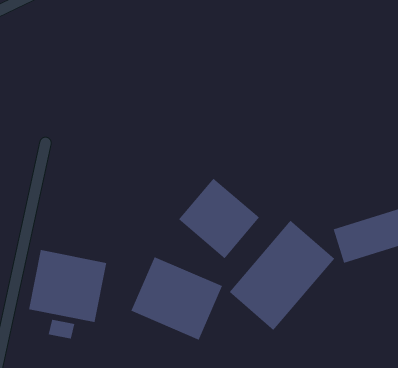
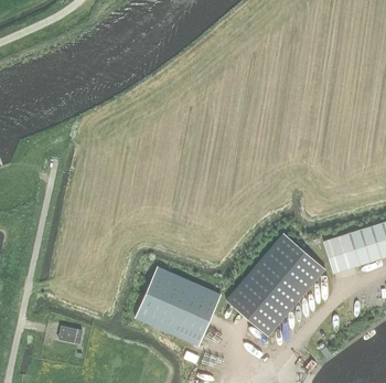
building: [178,178,260,259] -> none
building: [29,249,107,323] -> none

